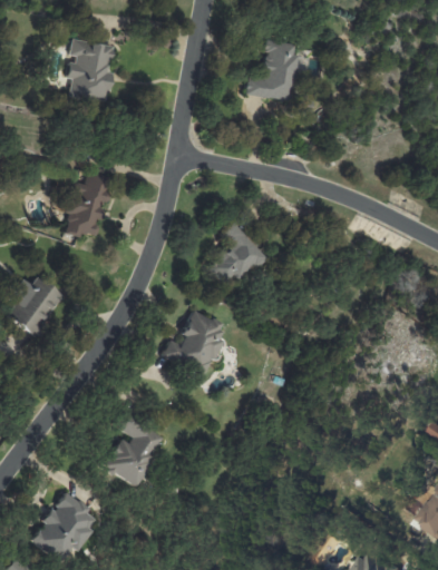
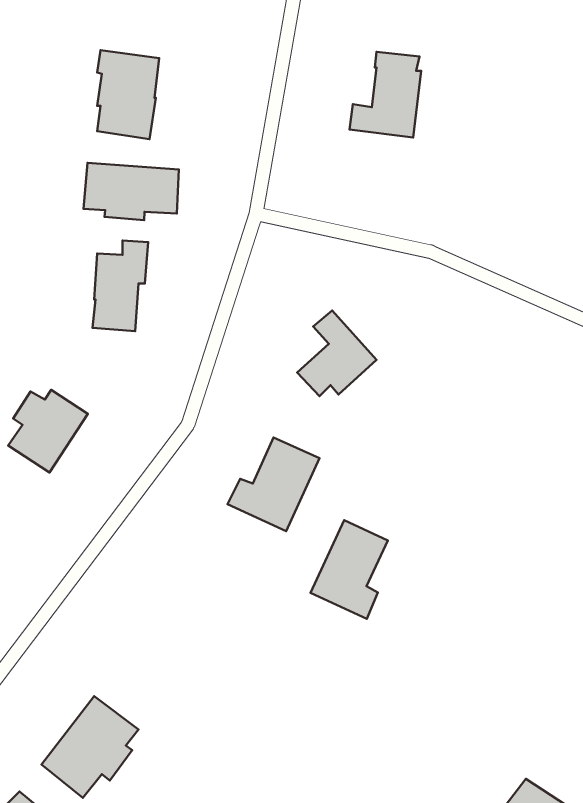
building: none -> [84,163,179,220]
building: none -> [310,520,388,619]
building: [104,410,165,485] -> none

